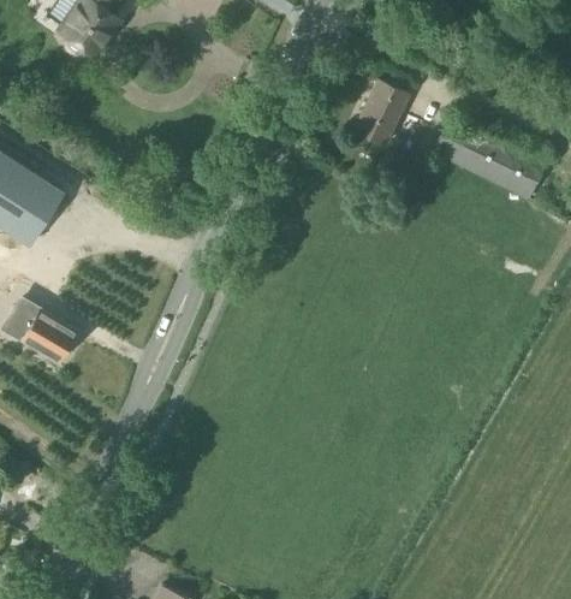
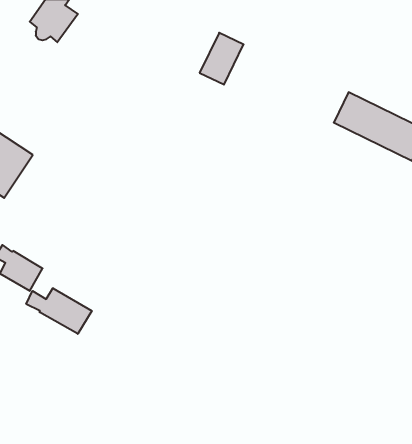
building: [353,81,408,144] -> [200,33,244,85]
building: none -> [26,288,92,334]

